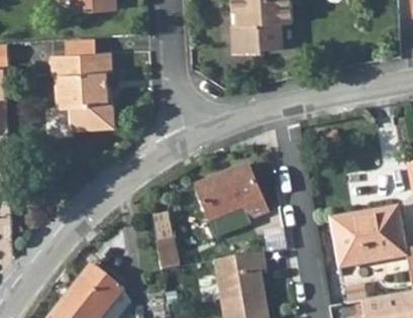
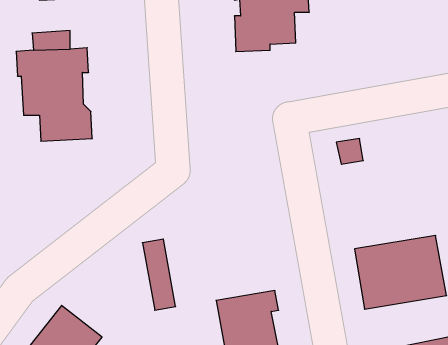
building: [195,165,266,221] -> none

